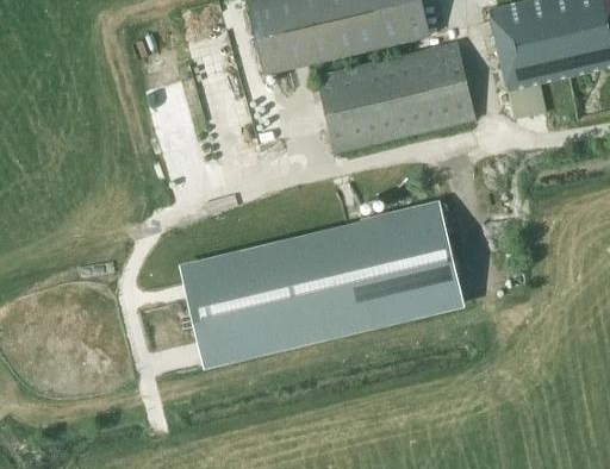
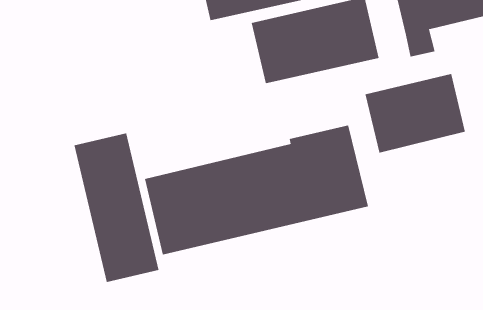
building: none -> [365,73,465,154]
building: none -> [74,133,159,283]

